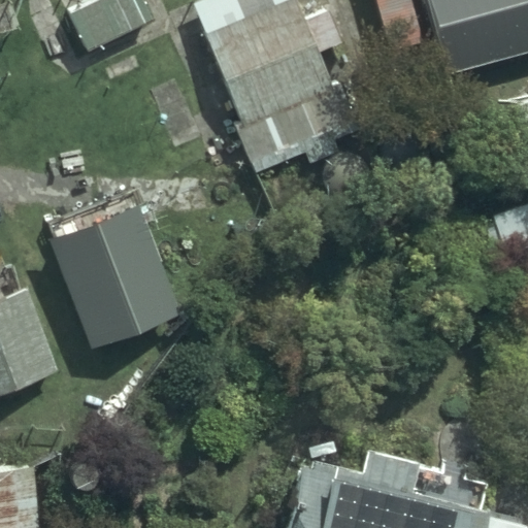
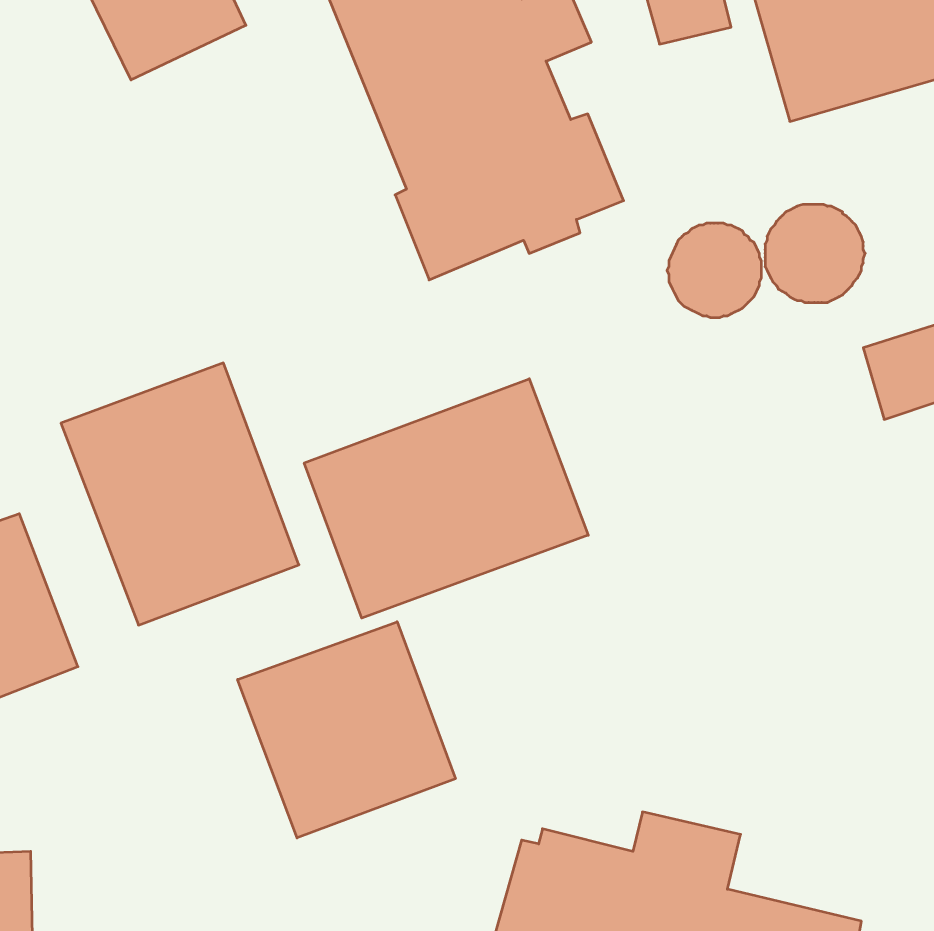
building: none -> [304,379,588,618]
building: none -> [238,622,455,838]

